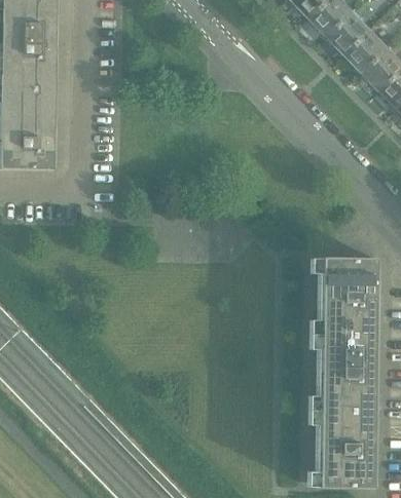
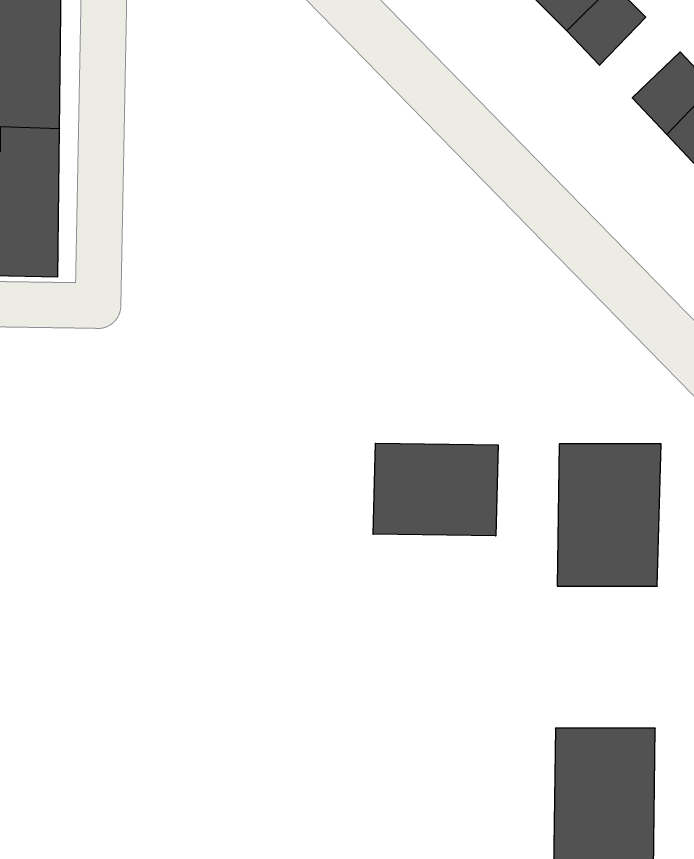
building: [343,30,387,73] -> none
building: none -> [373,443,498,536]
building: [320,334,374,410] -> none

